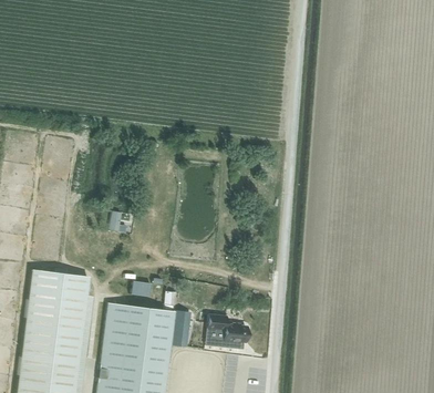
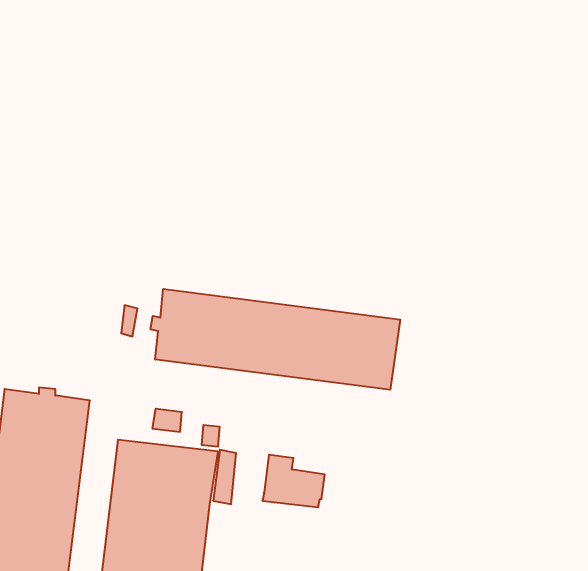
building: none -> [151,289,400,390]

